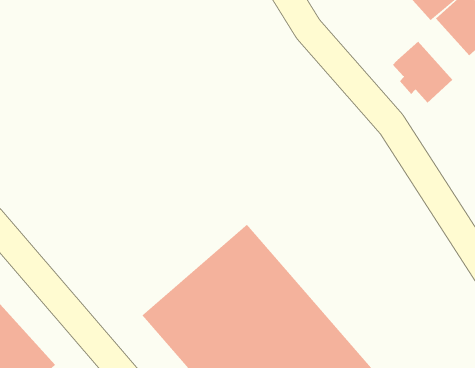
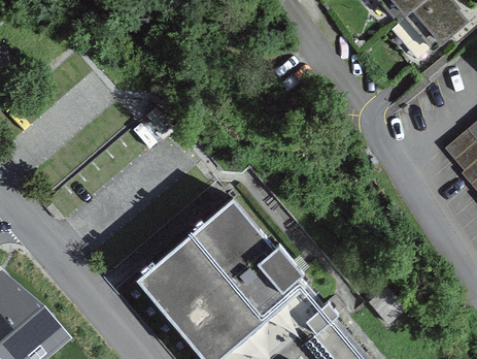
building: [392,41,453,104] -> none

